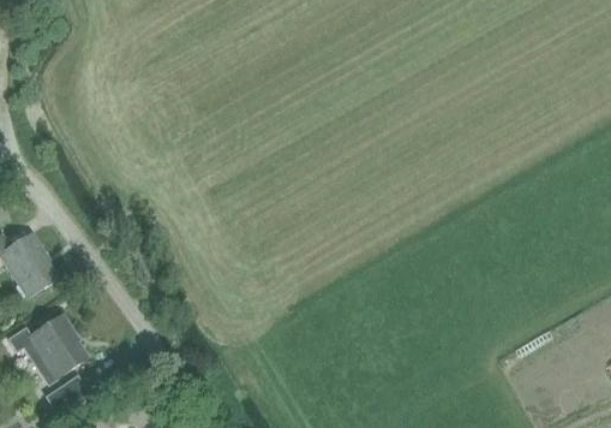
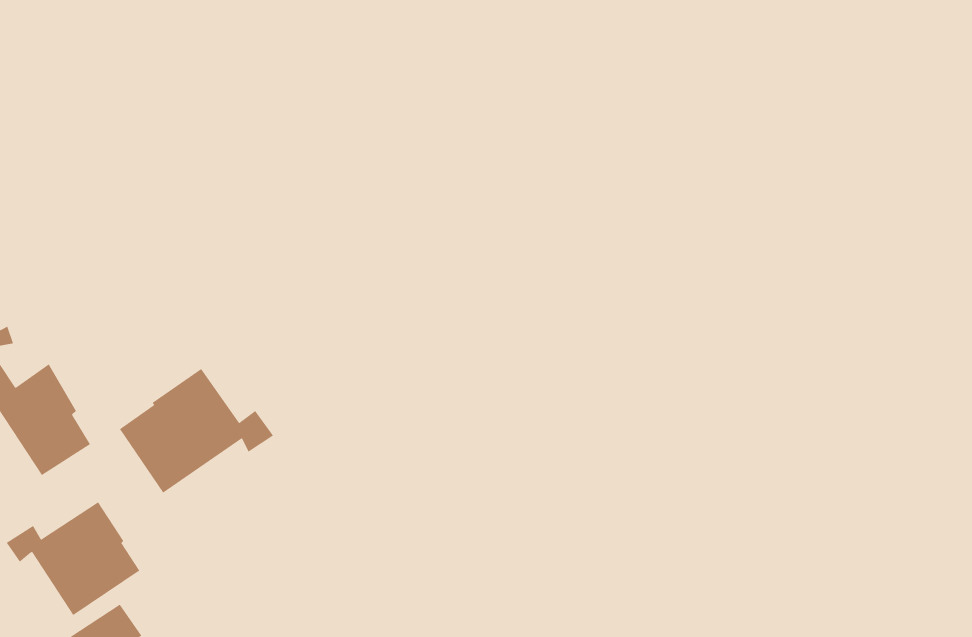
building: none -> [119,368,274,494]

